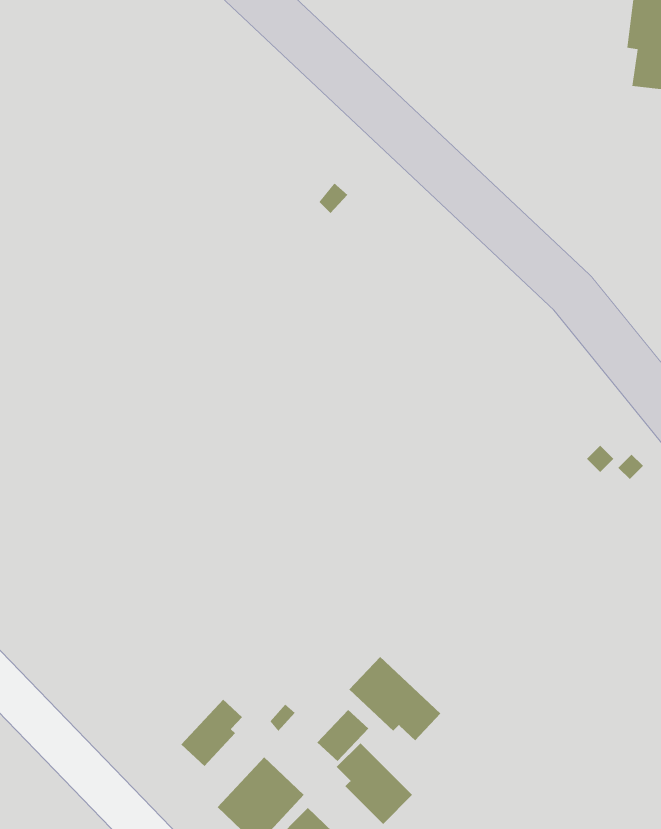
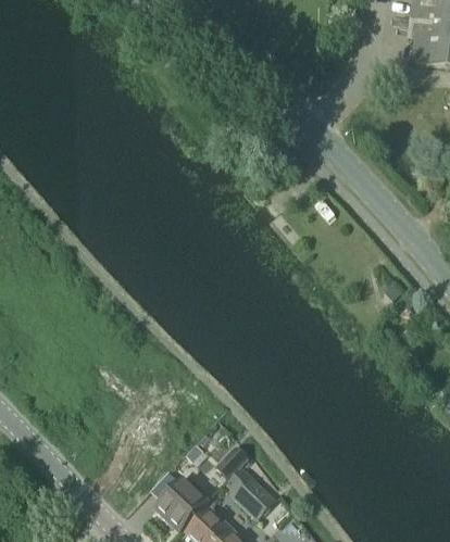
building: [349,656,441,741] -> none
building: [181,699,243,767] -> none

